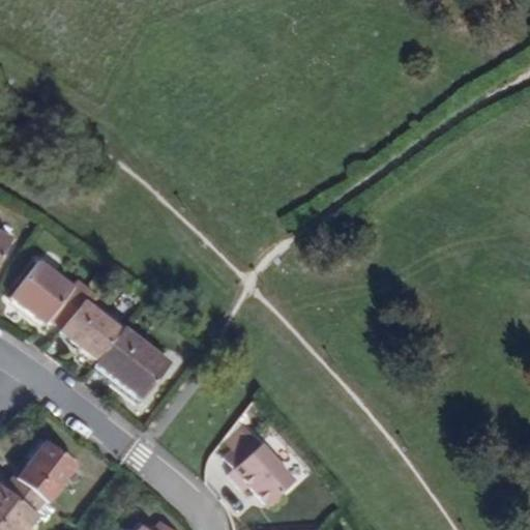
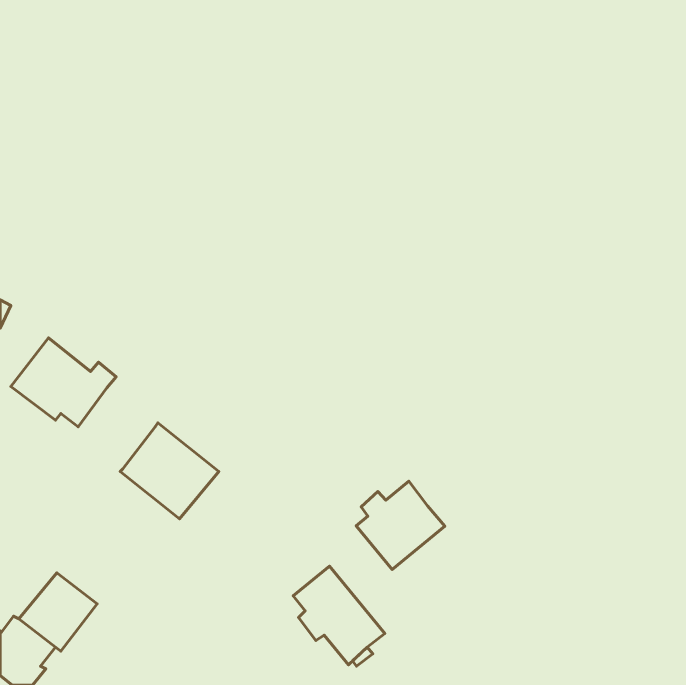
building: [60,297,122,359] -> none
building: none -> [356,481,445,569]

